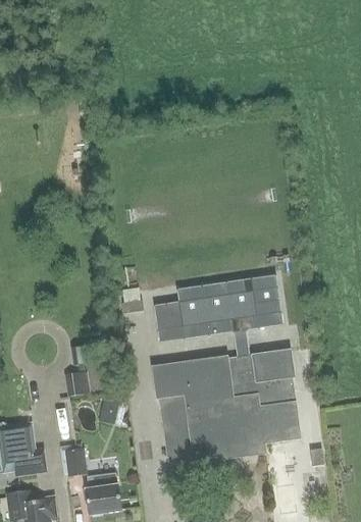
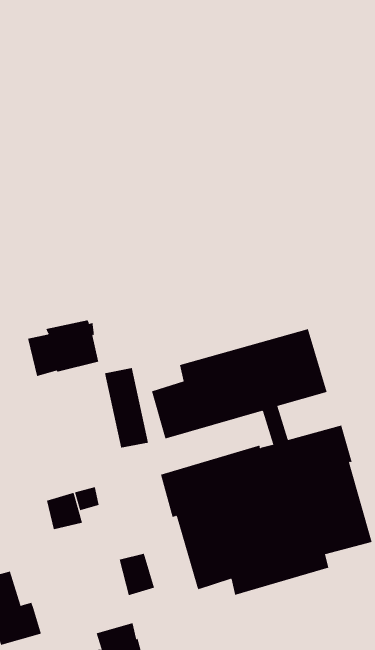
building: none -> [28,319,99,377]
building: [64,447,88,476] -> [119,553,155,596]

